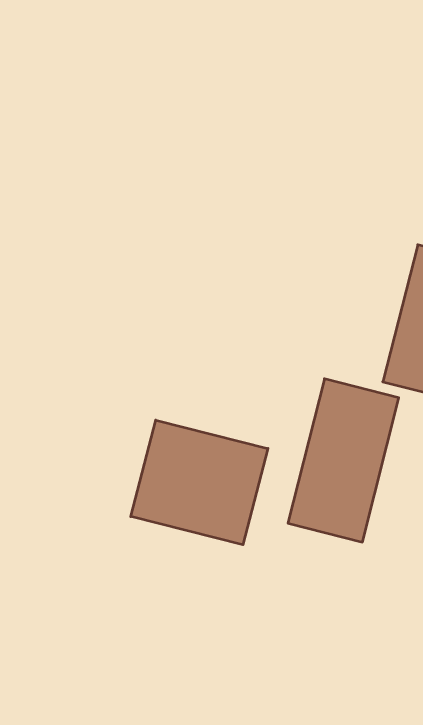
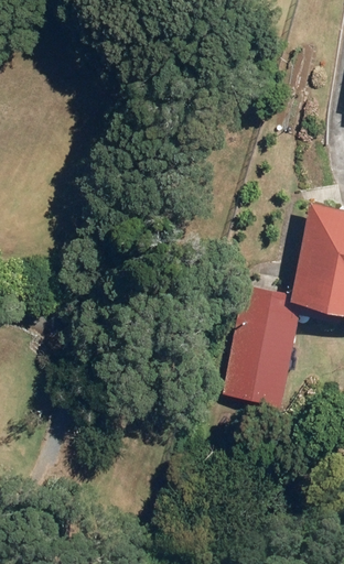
building: [131,420,268,545] -> none

